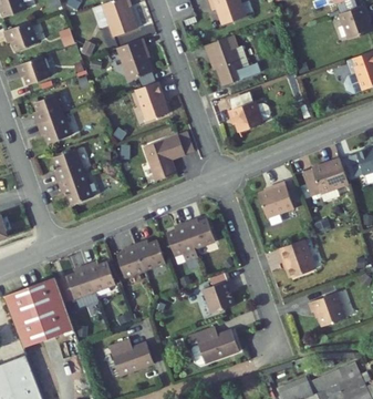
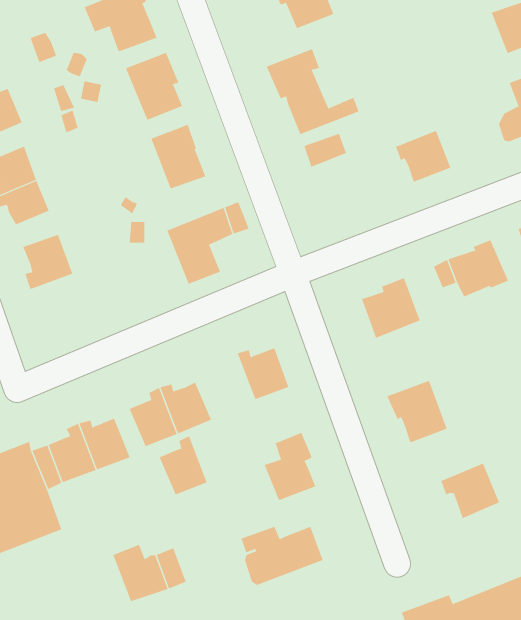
building: [226,101,260,133] -> [395,130,451,182]
building: [56,175,93,208] -> none
building: [165,224,195,260] -> [159,436,207,495]

